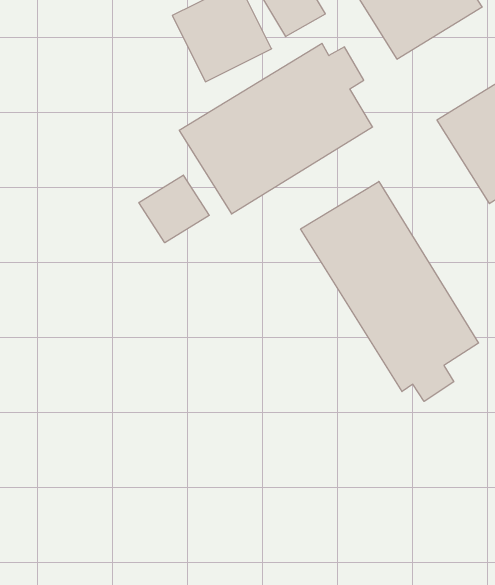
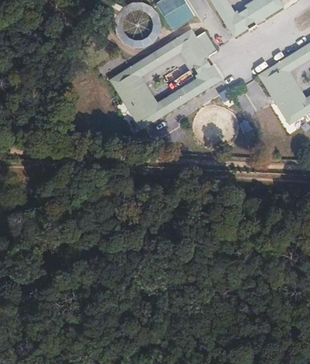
building: [139,175,209,243] -> none
building: [301,181,479,401] -> none

